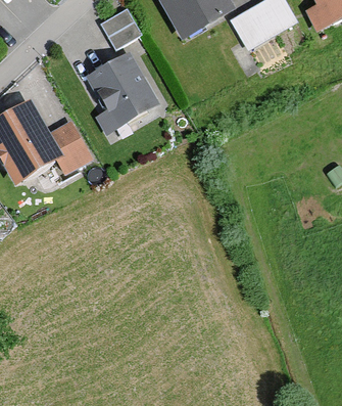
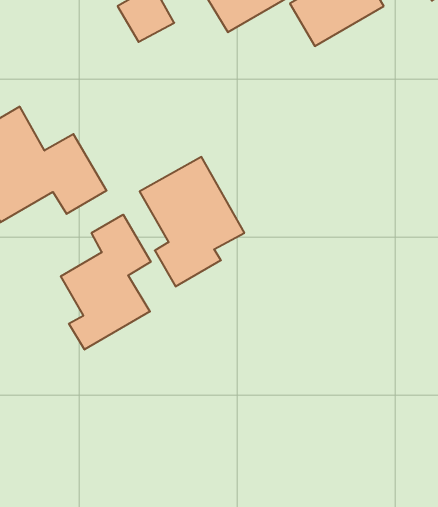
building: [84,48,161,144] -> [140,157,244,286]
building: none -> [61,215,151,350]

